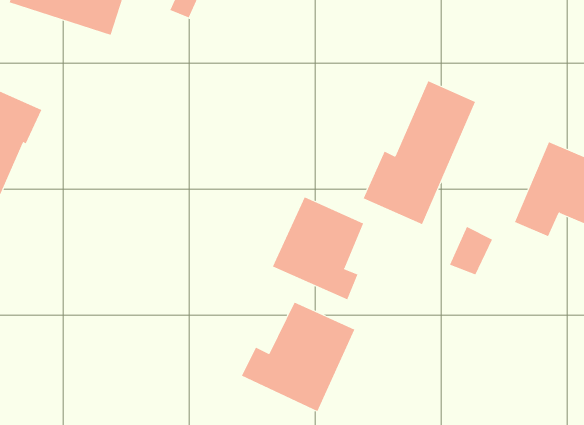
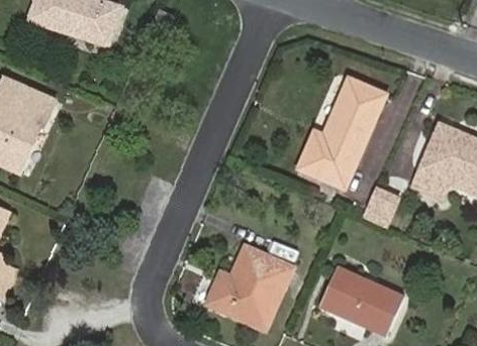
building: [272,196,364,300] -> none
building: none -> [318,265,404,336]

